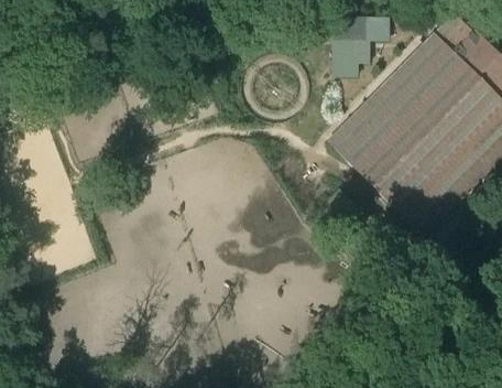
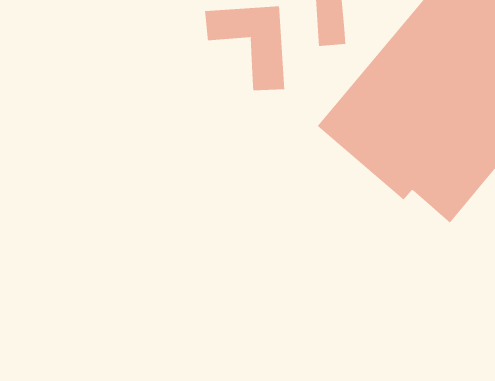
building: none -> [204,6,285,91]

